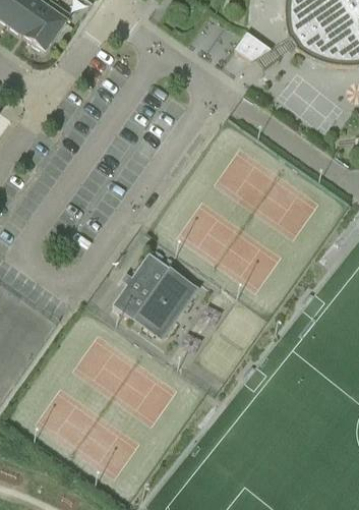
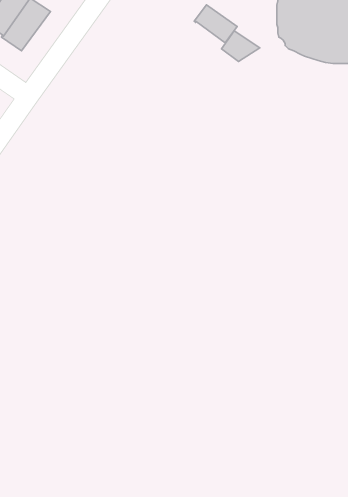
building: none -> [194,5,237,43]
building: [114,251,190,328] -> none

